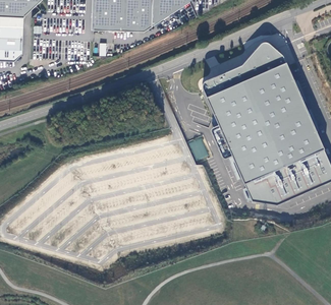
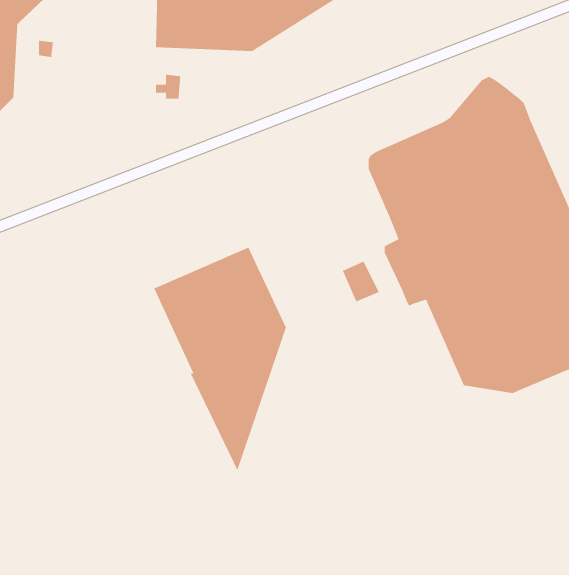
building: none -> [153,246,287,472]

